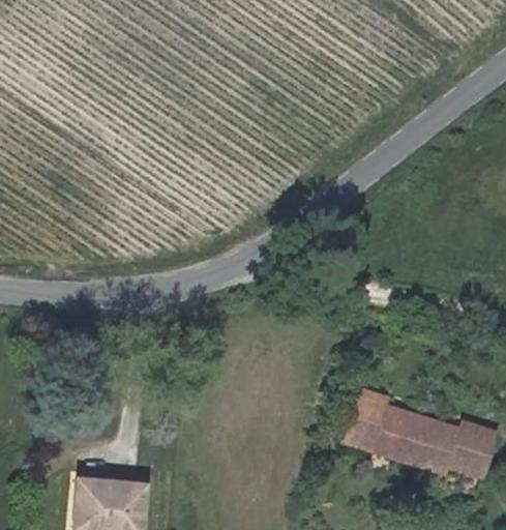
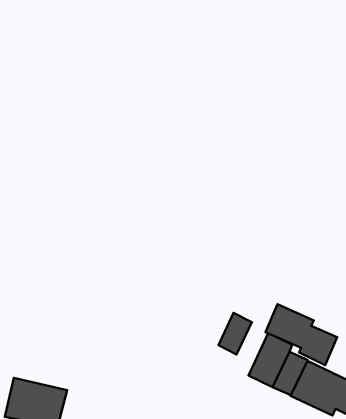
building: none -> [266,304,337,365]
building: none -> [218,313,252,354]

